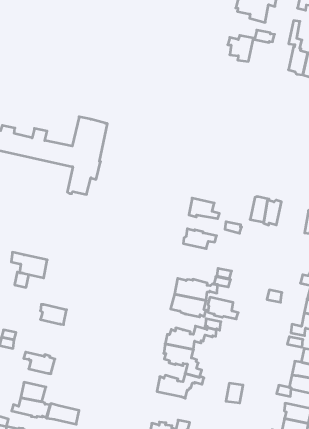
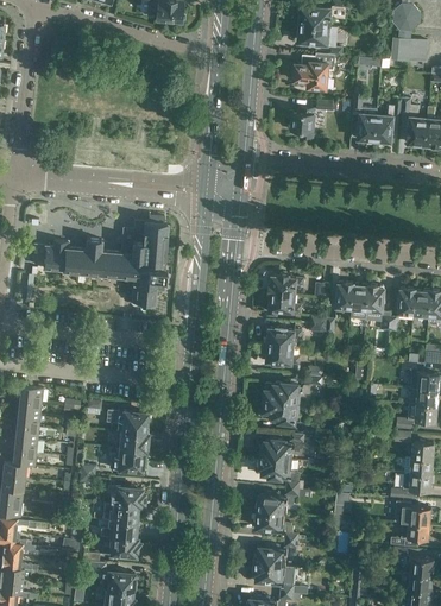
building: none -> [267,273,303,296]
building: none -> [366,285,390,332]
building: [11,252,47,278] -> [107,410,146,434]
building: [208,297,238,319] -> [265,345,300,365]
building: none -> [113,448,143,471]
building: none -> [257,511,298,541]
building: [47,404,79,424] -> [102,503,137,522]

